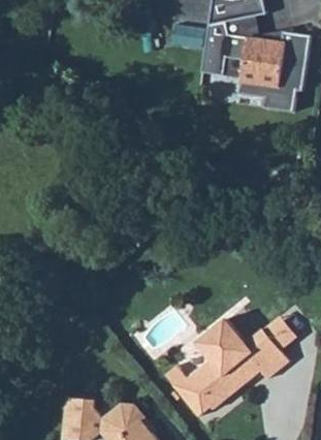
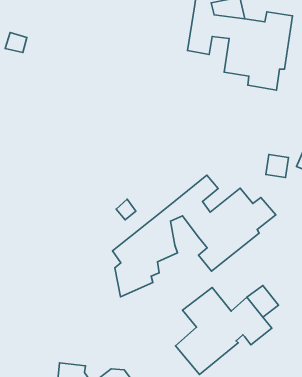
building: none -> [112,175,276,297]

